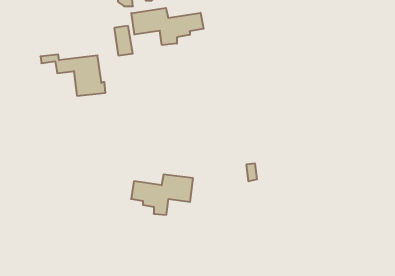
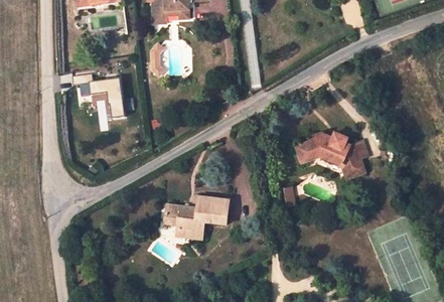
building: [131,8,204,45] -> none
building: none -> [296,132,367,177]

